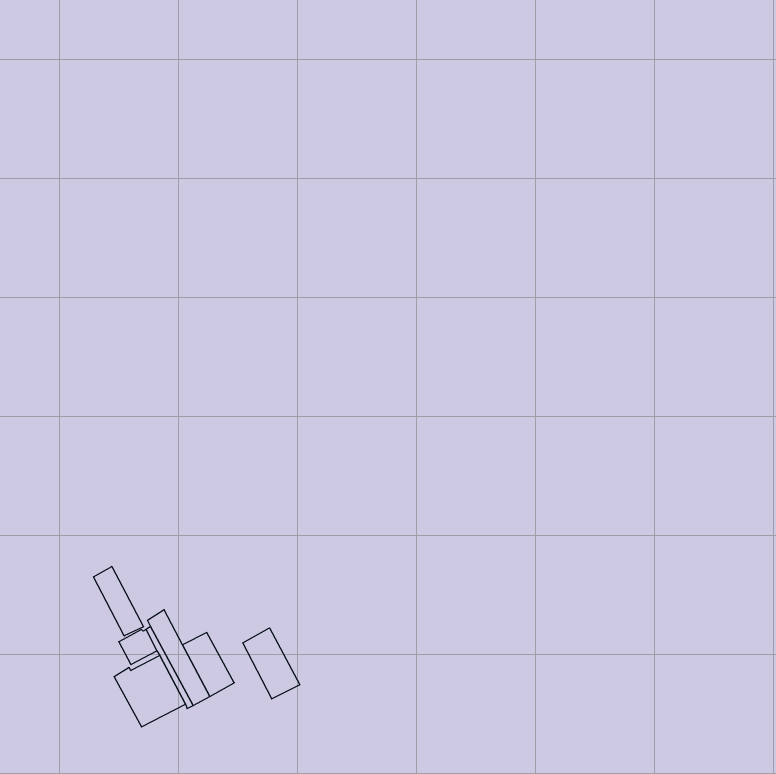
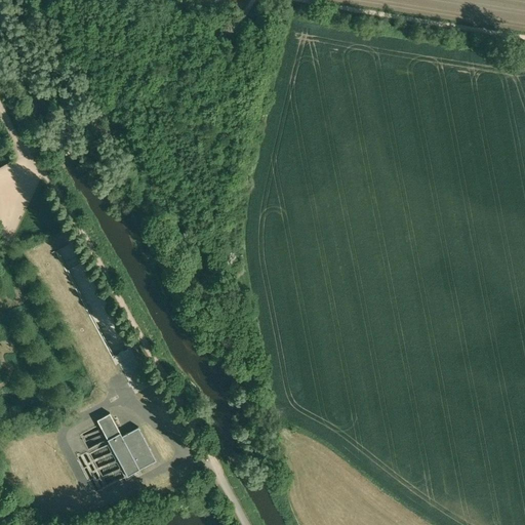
building: [94,566,144,636] -> none
building: [243,628,300,699] -> none

